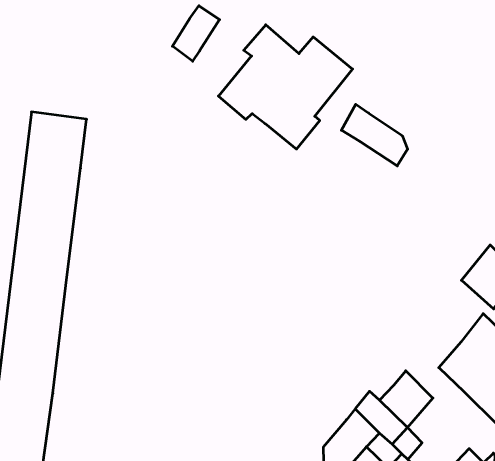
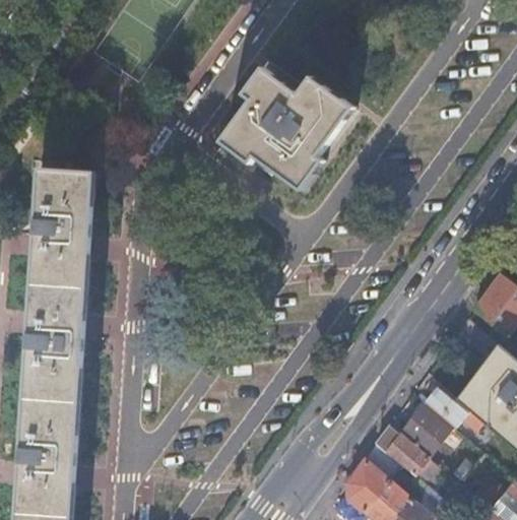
building: [172,6,220,61] -> none
building: [341,104,408,166] -> none
building: none -> [423,383,481,429]

